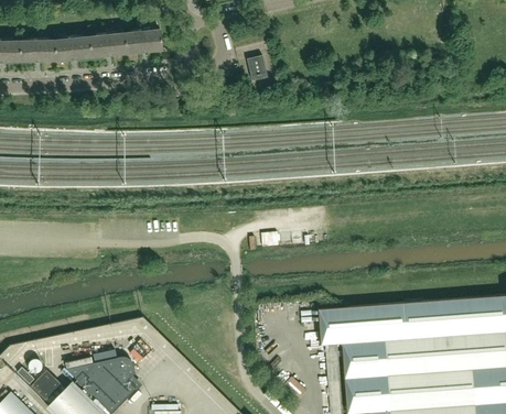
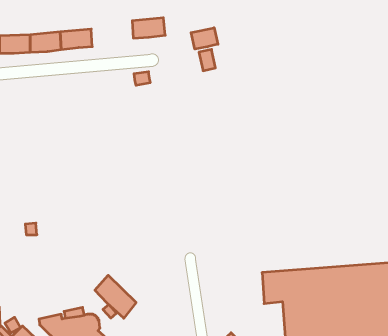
building: [125,30,162,53] -> [132,18,165,38]
building: none -> [191,28,218,49]
building: none -> [95,275,136,318]

